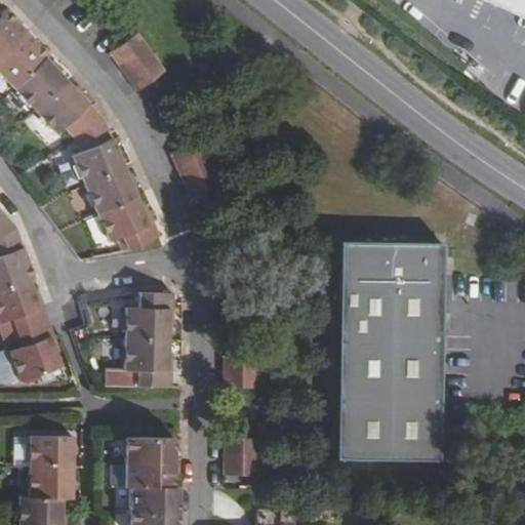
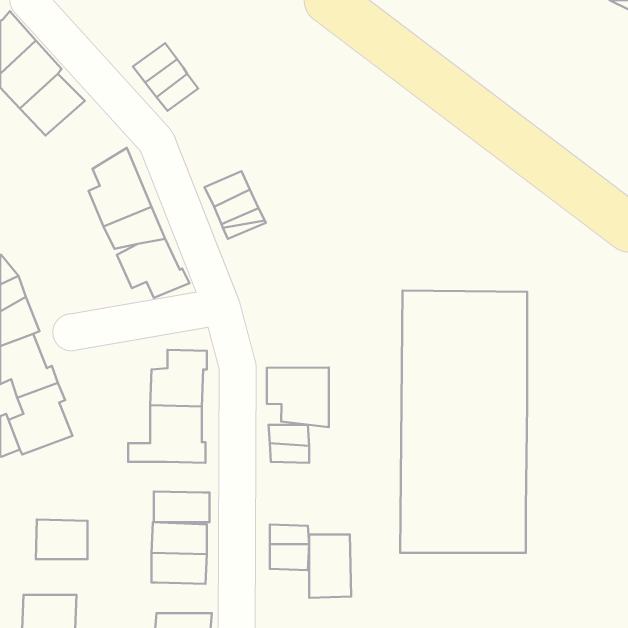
building: [39,85,107,142] -> none
building: none -> [267,368,329,427]
building: none -> [309,535,351,598]
building: [31,467,74,497] -> none
building: [131,486,177,512] -> [154,491,209,522]

